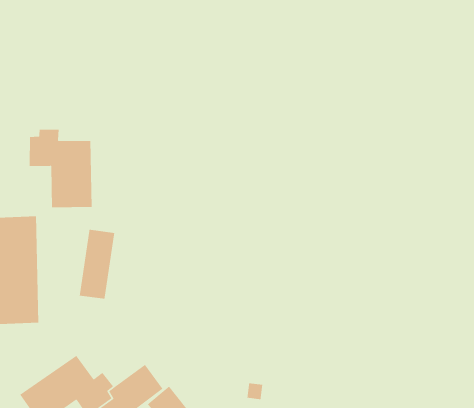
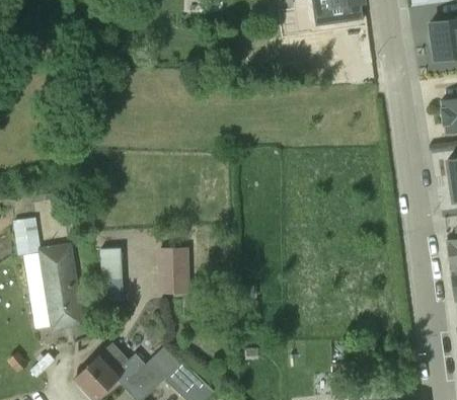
building: [29,129,93,208] -> none
building: none -> [158,248,187,294]

